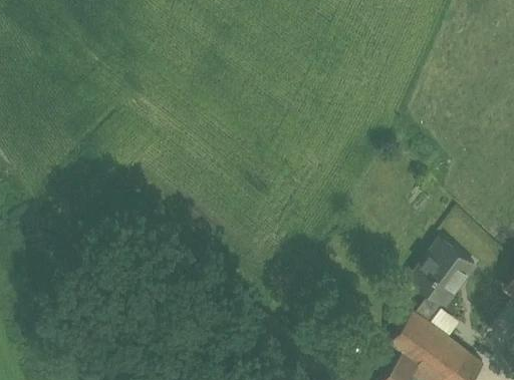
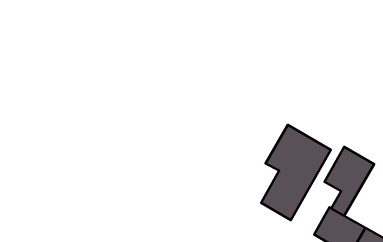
building: none -> [261,125,331,220]

